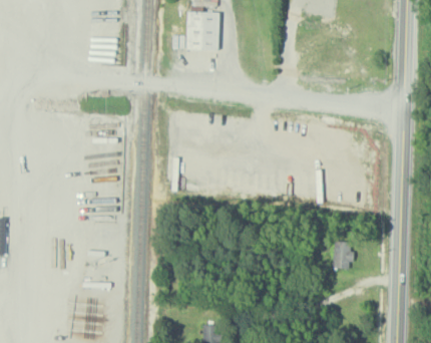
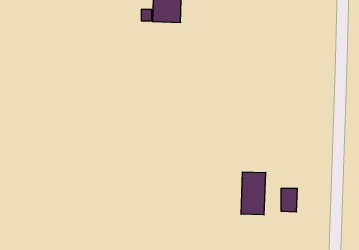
building: none -> [241,172,266,215]

